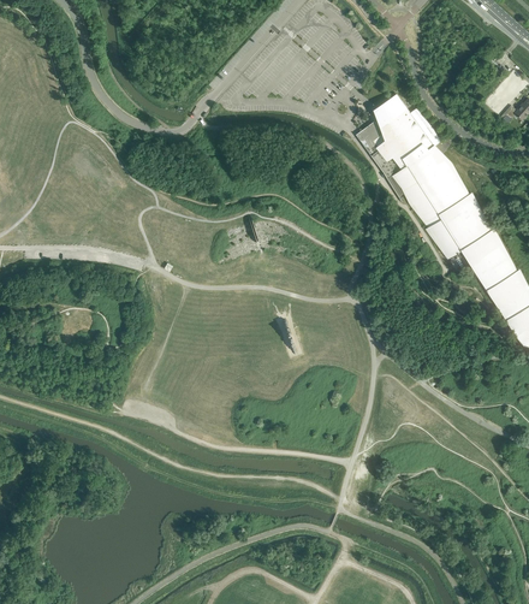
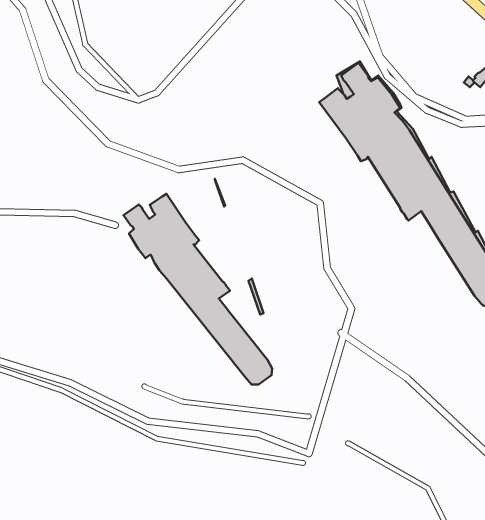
building: none -> [124,194,272,385]

